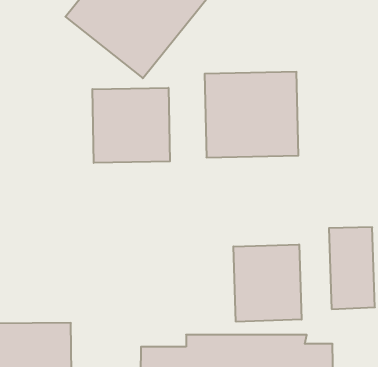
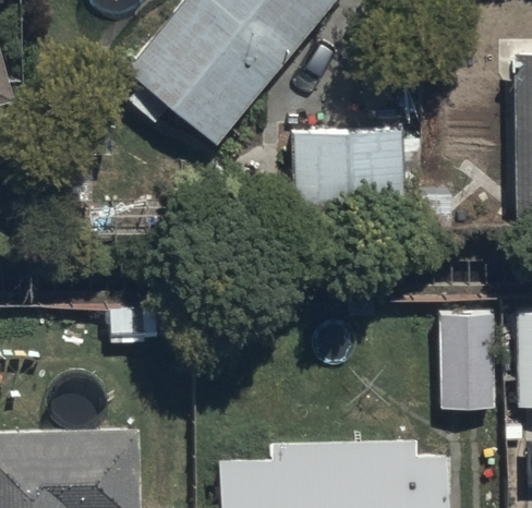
building: [92,88,170,163] -> none
building: [233,244,302,322] -> none

